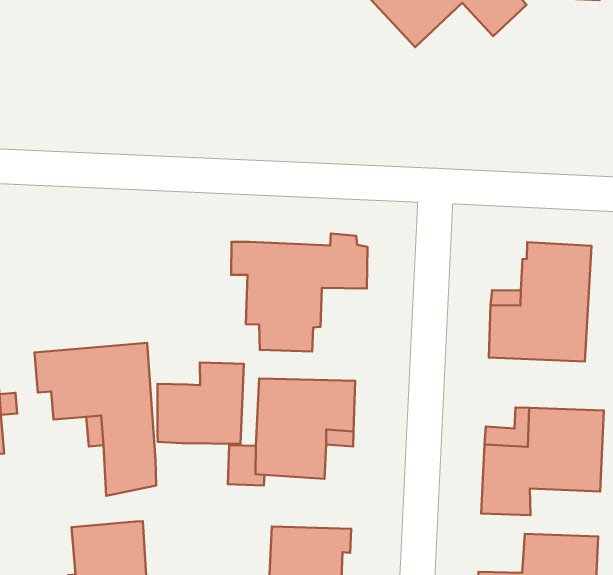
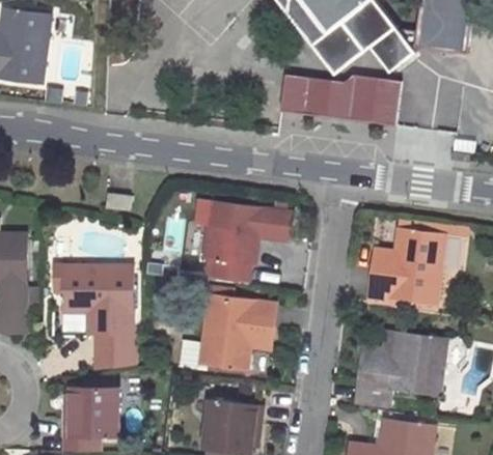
building: none -> [276,74,399,125]
building: [158,362,244,444] -> none

